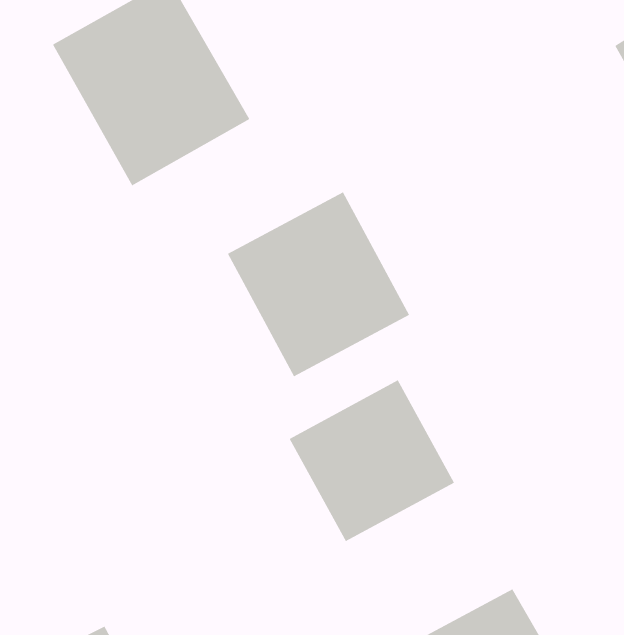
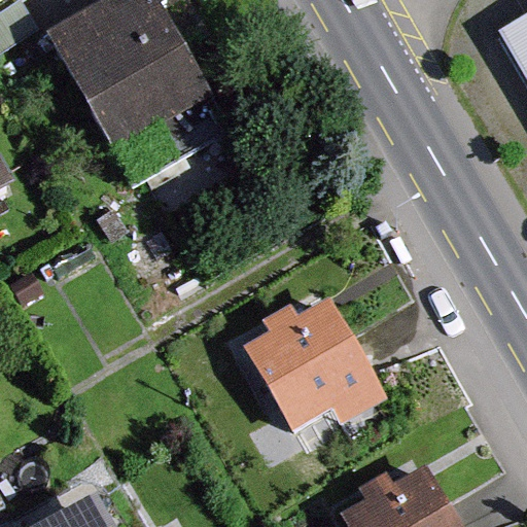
building: [227,192,410,377] -> none

